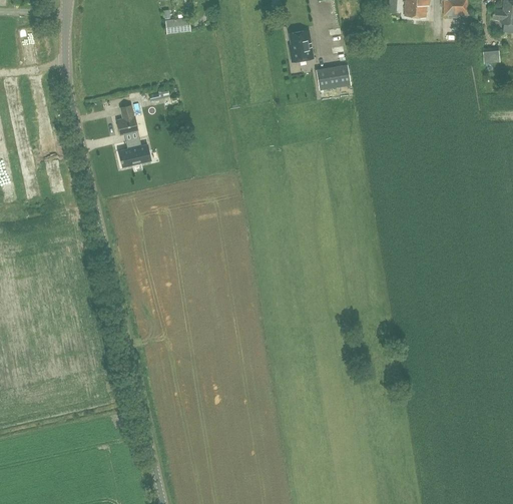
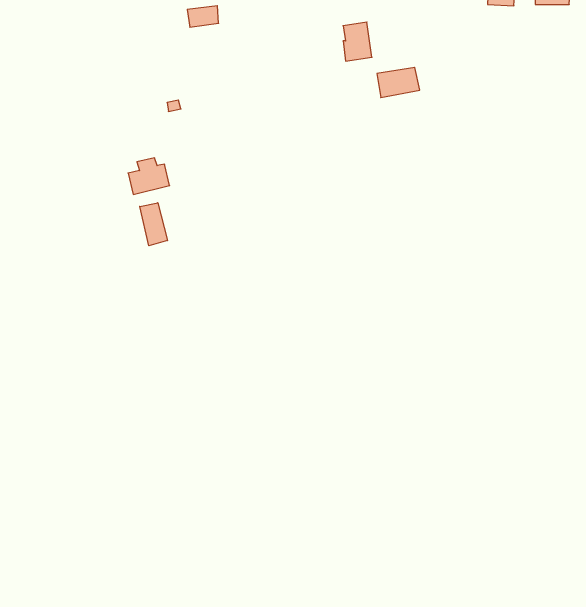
building: [116,103,142,133] -> none
building: none -> [140,203,167,246]

